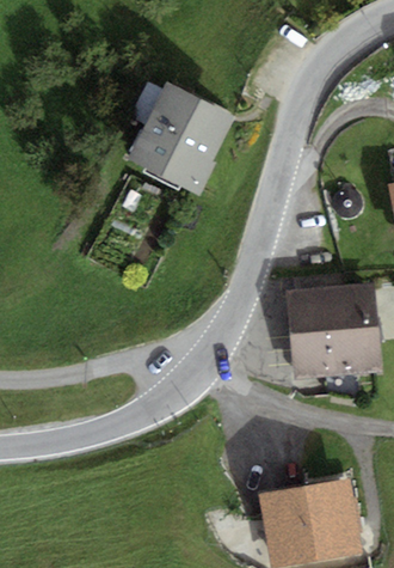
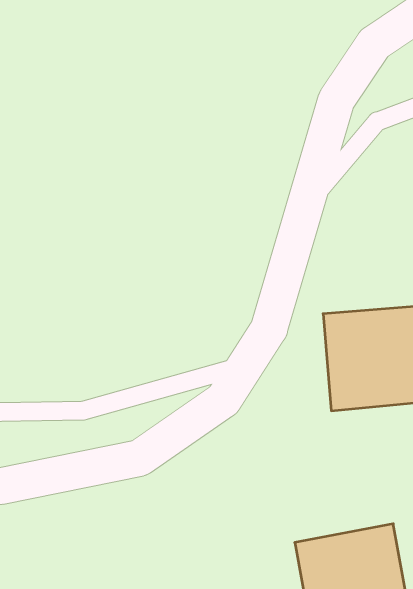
building: [119,78,229,190] -> none

